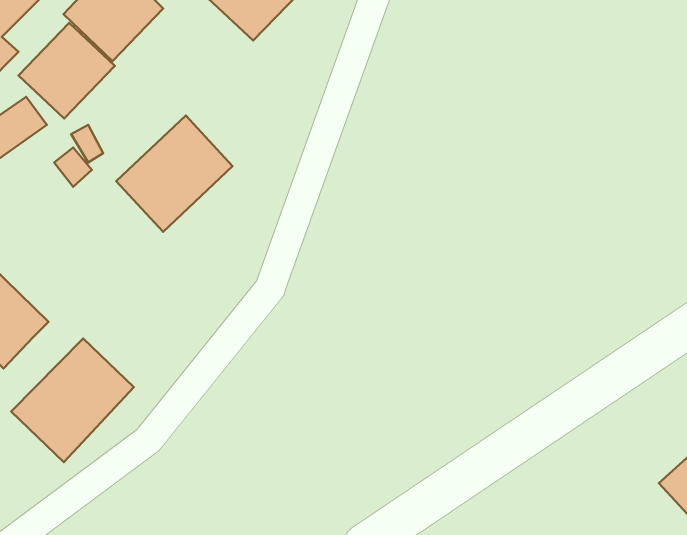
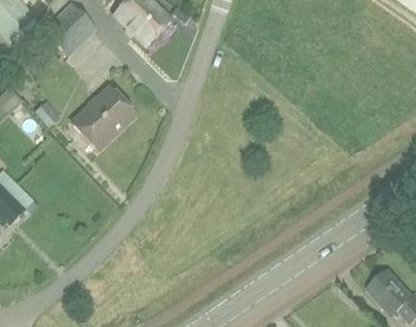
building: [18,23,115,118] -> none
building: [11,338,134,462] -> none

